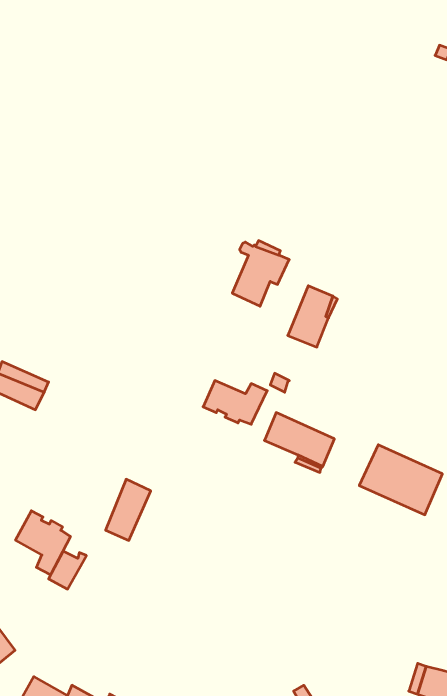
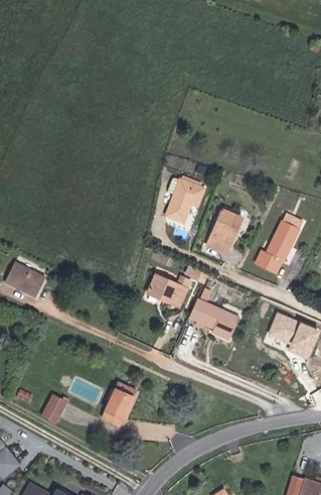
building: none -> [256,223,299,272]
building: [106,479,151,540] -> [104,378,135,420]
building: [16,511,70,575] -> none

